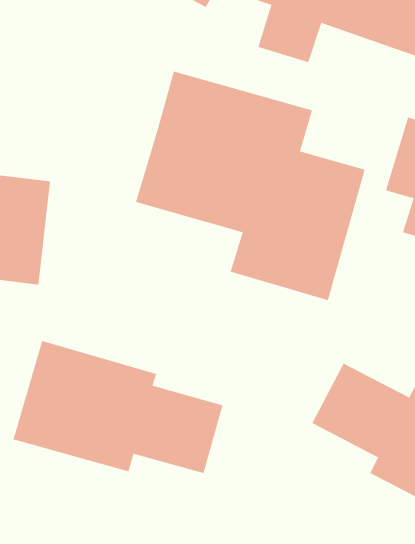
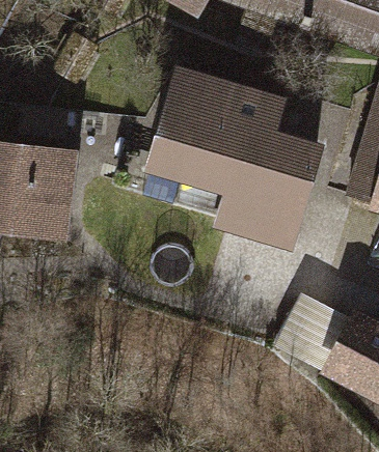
building: [13,340,223,474] -> none

